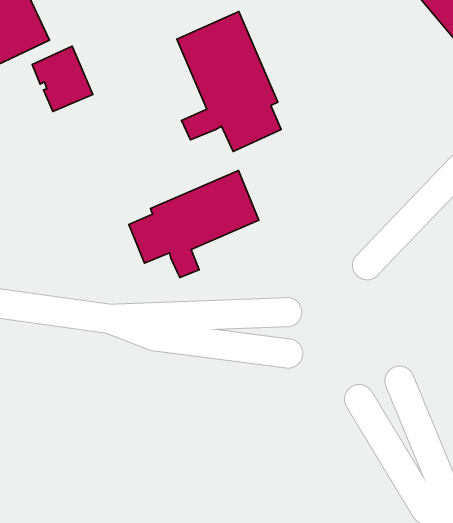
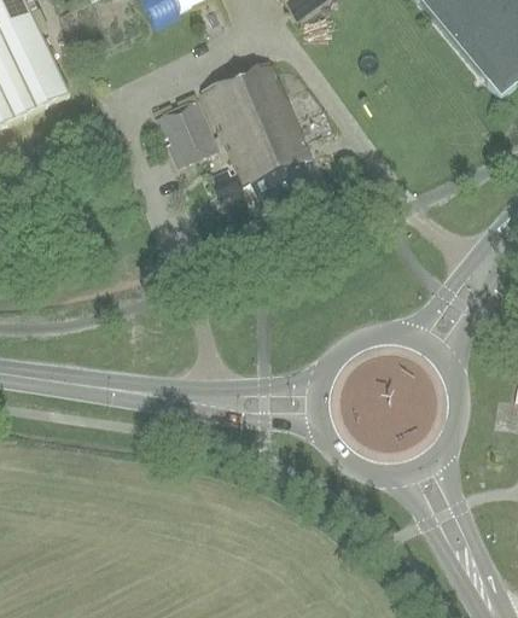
building: [32,46,93,112] -> [155,95,219,164]
building: [129,171,259,278] -> none

